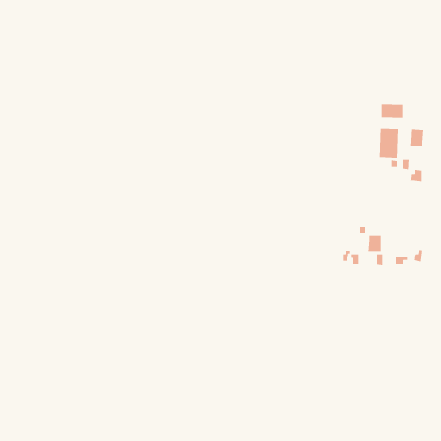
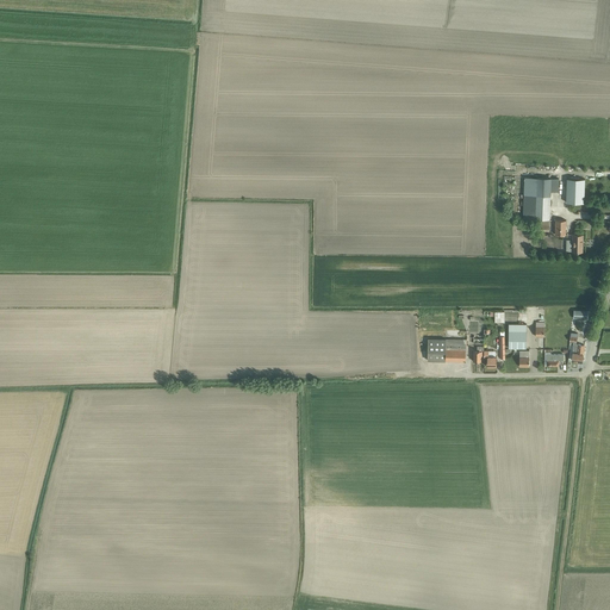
building: [381,104,404,119] -> none
building: none -> [427,335,466,361]

